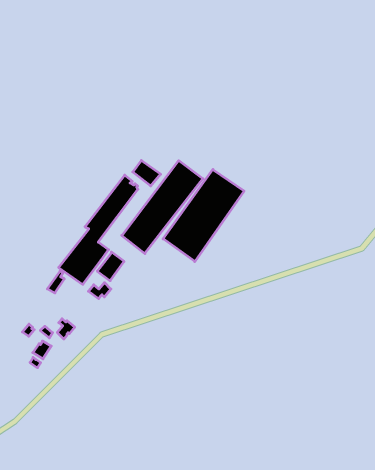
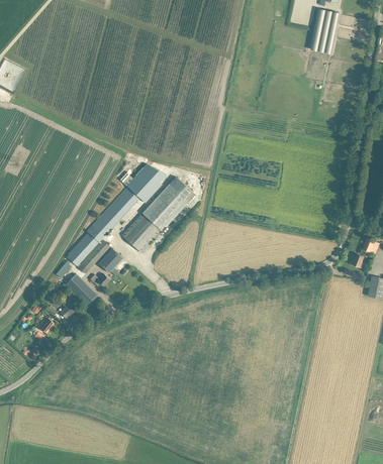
building: [163,169,244,262] -> none
building: none -> [65,273,96,305]

